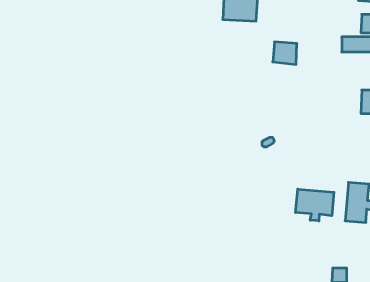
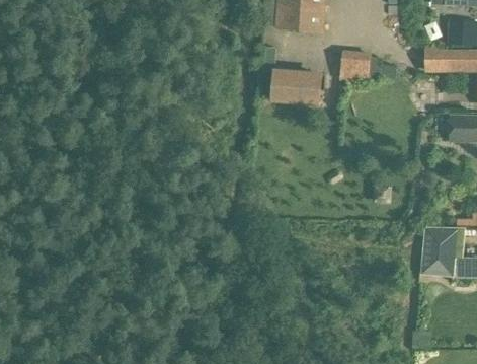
building: none -> [273,72,321,103]
building: [296,189,334,221] -> none

